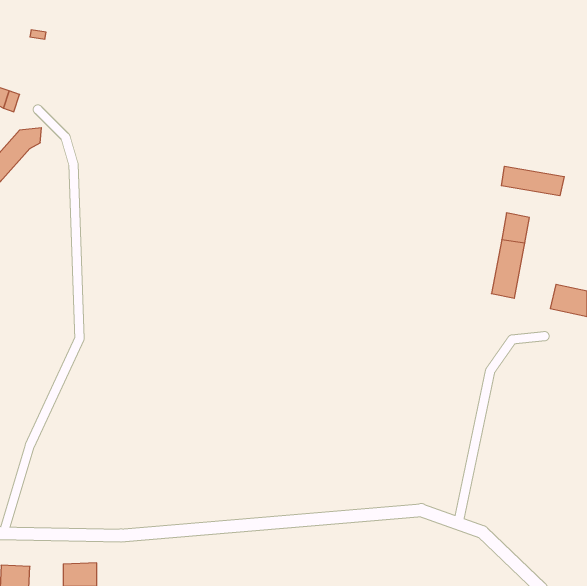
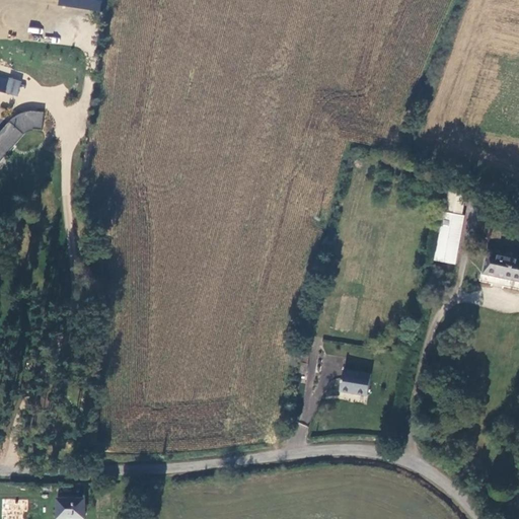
building: [501,166,564,196] -> none
building: none -> [342,370,371,395]

